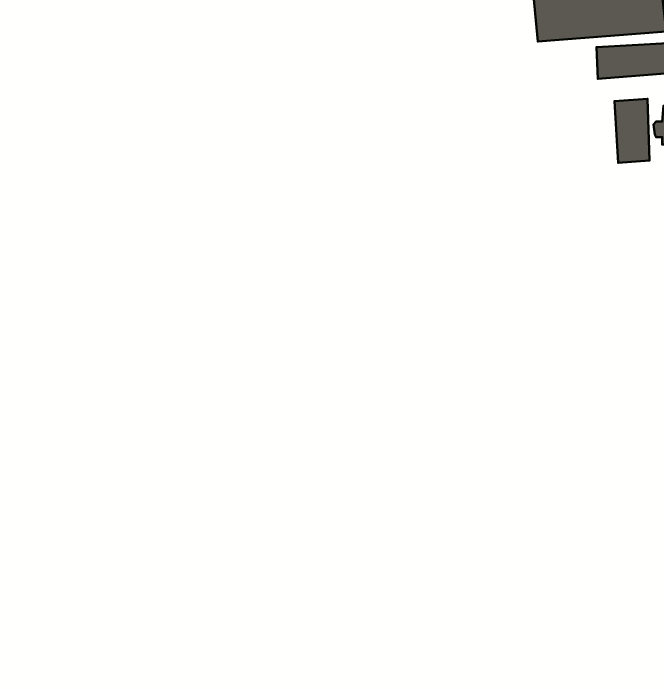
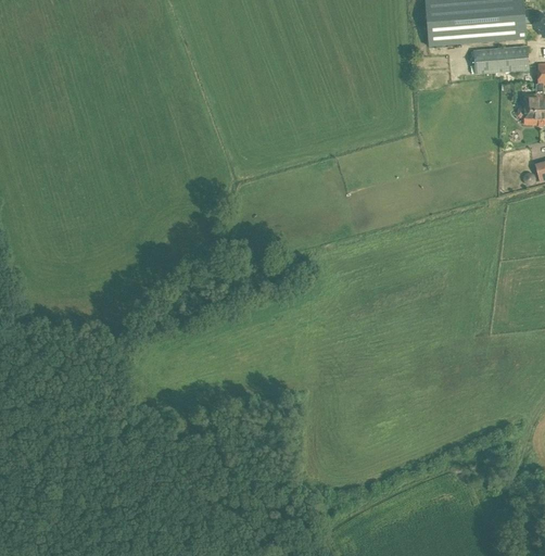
building: [615,99,650,163] -> none

